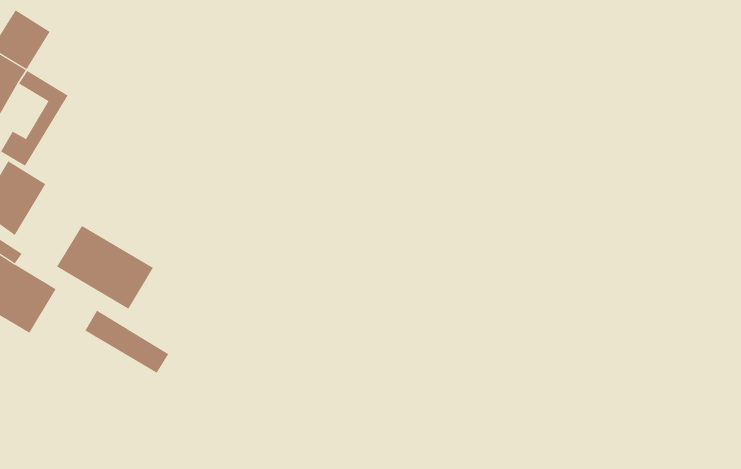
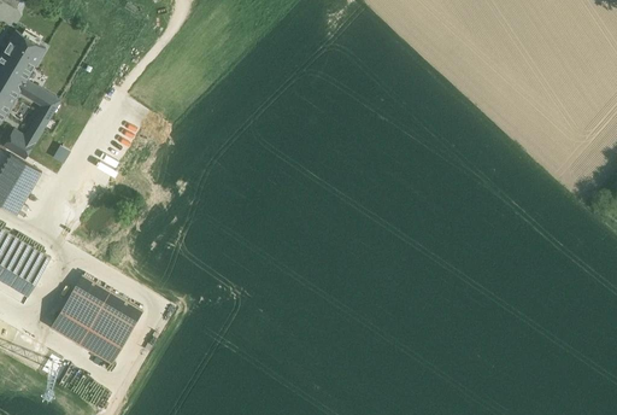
building: [56,225,154,309] -> [49,293,129,362]

